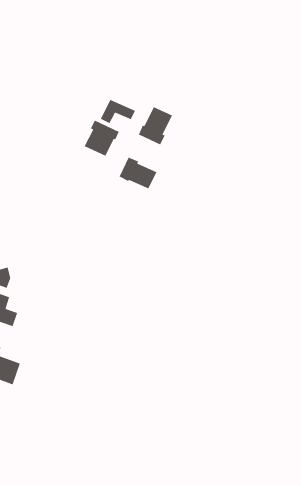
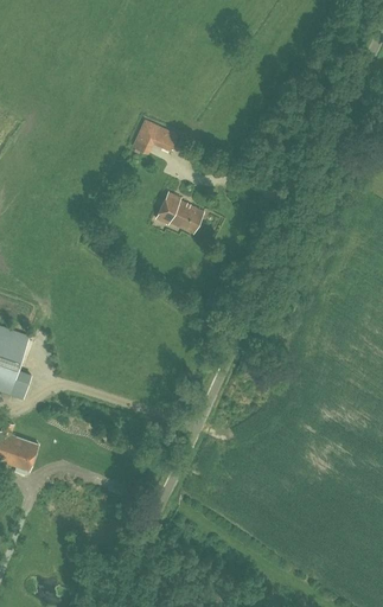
building: [138,106,173,146] -> none
building: [84,119,120,157] -> none

